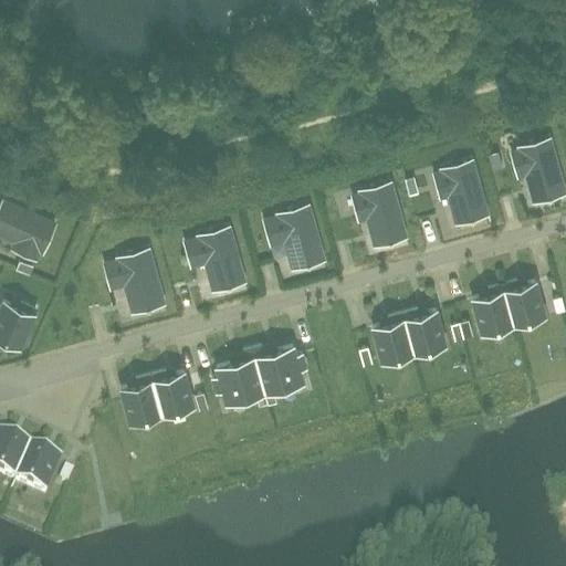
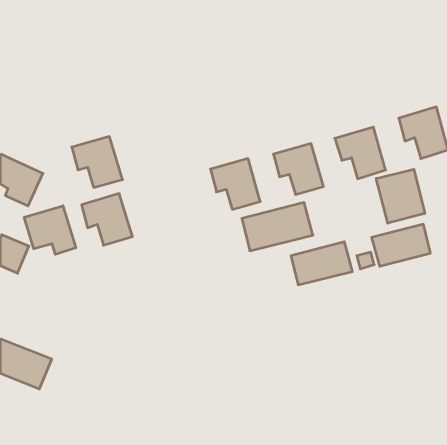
building: none -> [376,169,425,223]
building: [187,227,251,291] -> [72,137,123,187]
building: none -> [24,206,76,254]
building: [214,349,304,410] -> [242,203,313,251]
building: [117,375,193,429] -> none

